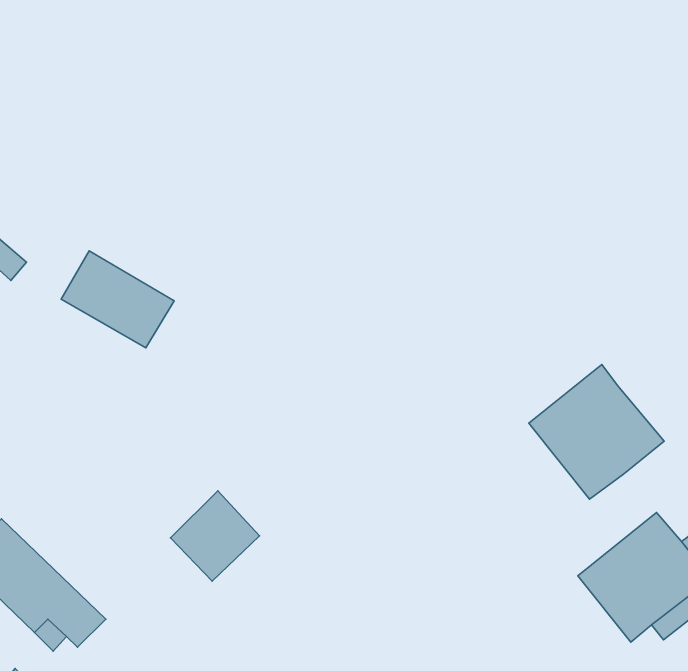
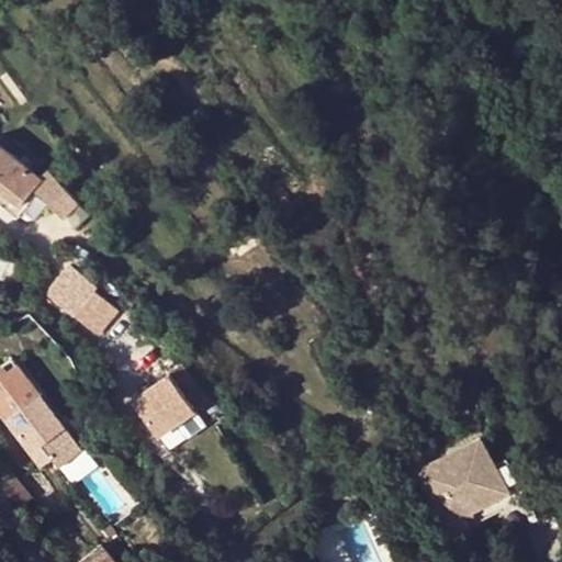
building: [61,251,174,348] -> [43,263,122,338]
building: [529,365,664,499] -> none

